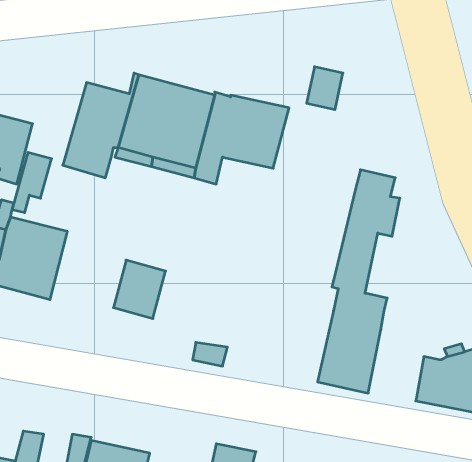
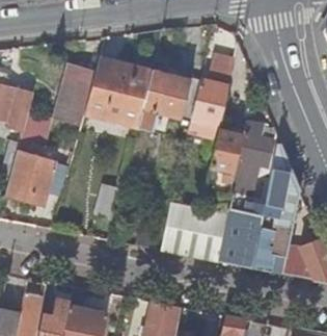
building: none -> [185,81,228,148]
building: none -> [252,125,303,274]
building: none -> [206,129,244,195]
building: none -> [162,202,229,261]

